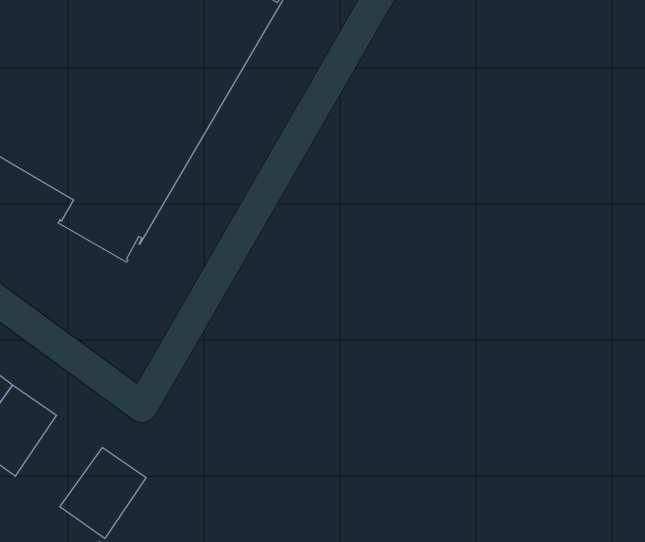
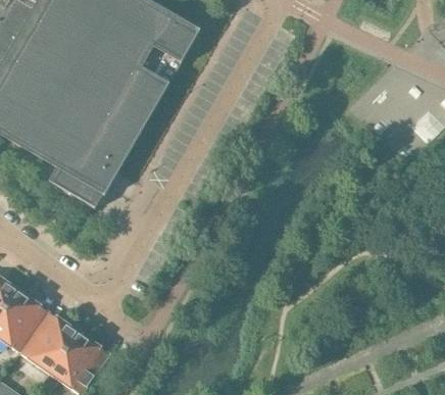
building: none -> [18,308,77,369]

